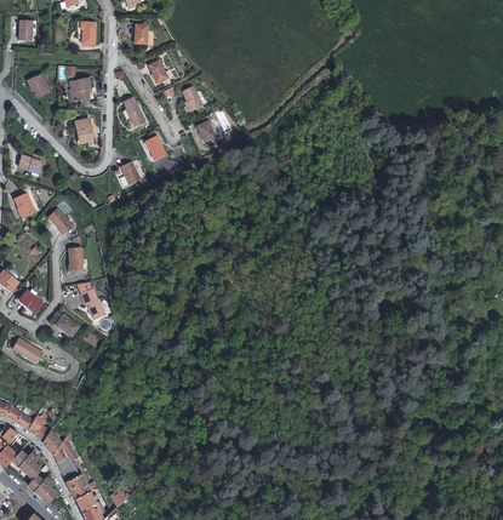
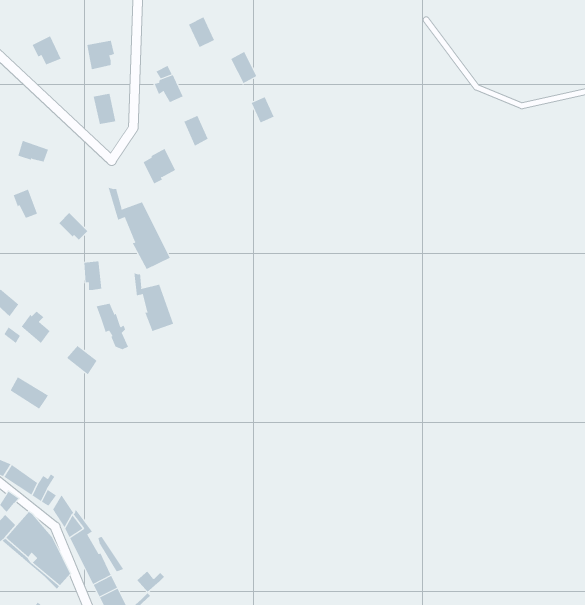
building: none -> [108,187,171,270]
building: none -> [134,272,174,332]

